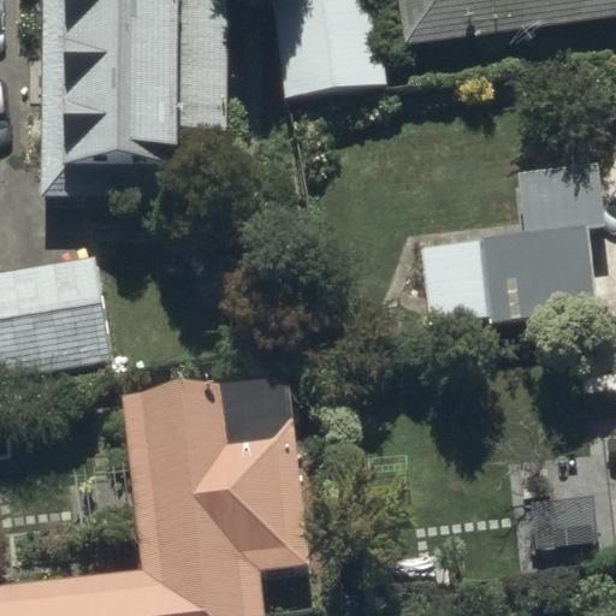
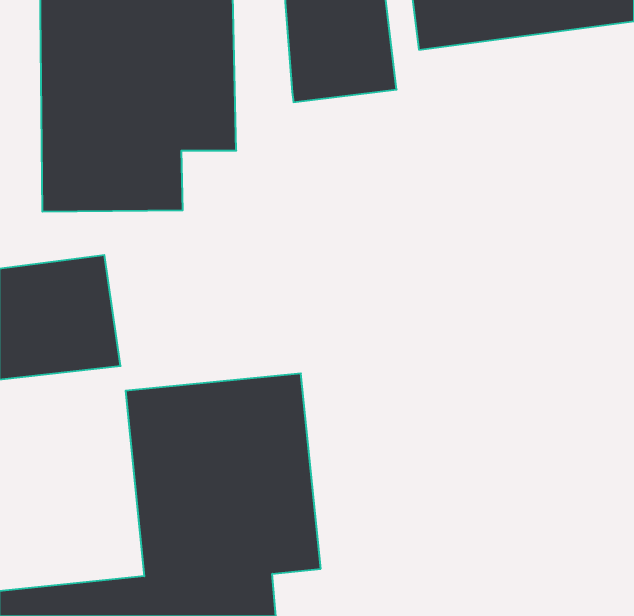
building: [422,164,609,326] -> none

